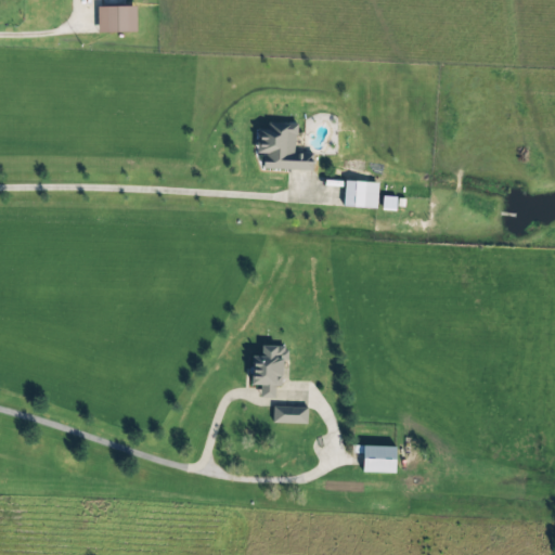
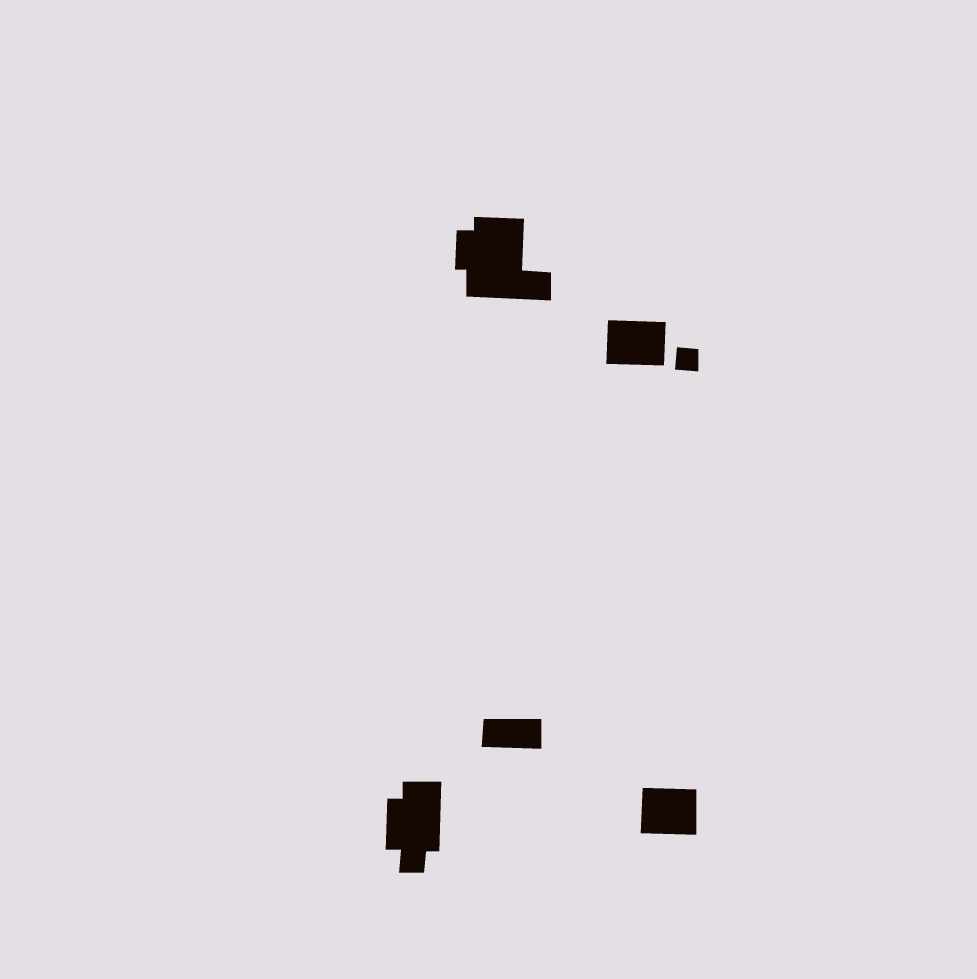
building: [99,5,139,33] -> none
building: [253,346,285,398] -> [385,781,442,873]

